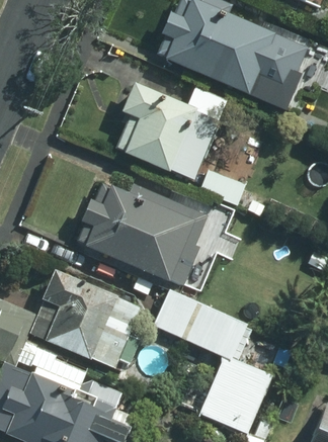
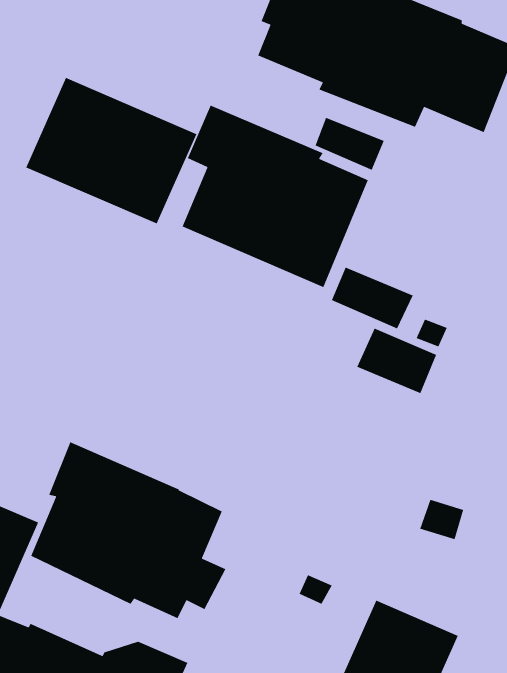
building: none -> [25,77,197,224]
building: [76,183,207,285] -> none
building: [155,290,246,359] -> none

